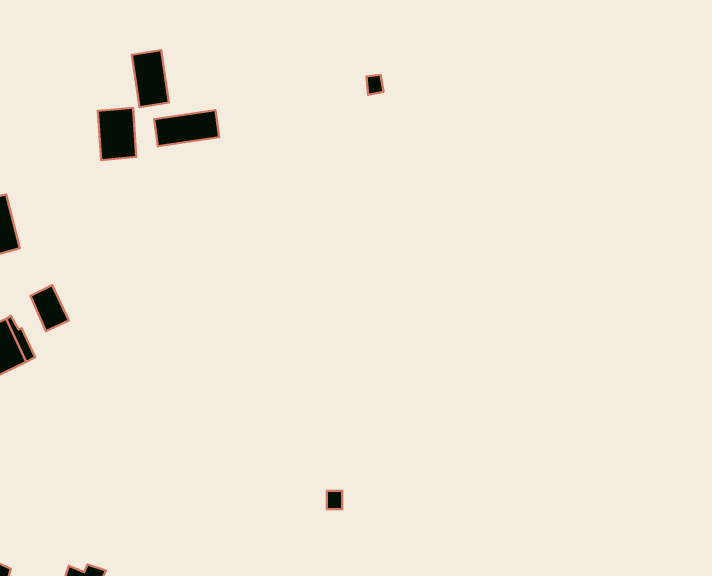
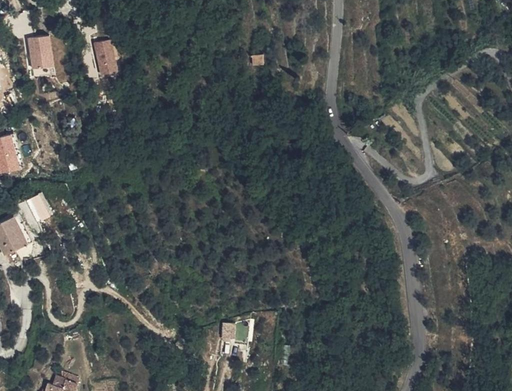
building: [98,108,136,160] -> [29,36,54,70]
building: [154,110,219,146] -> none

